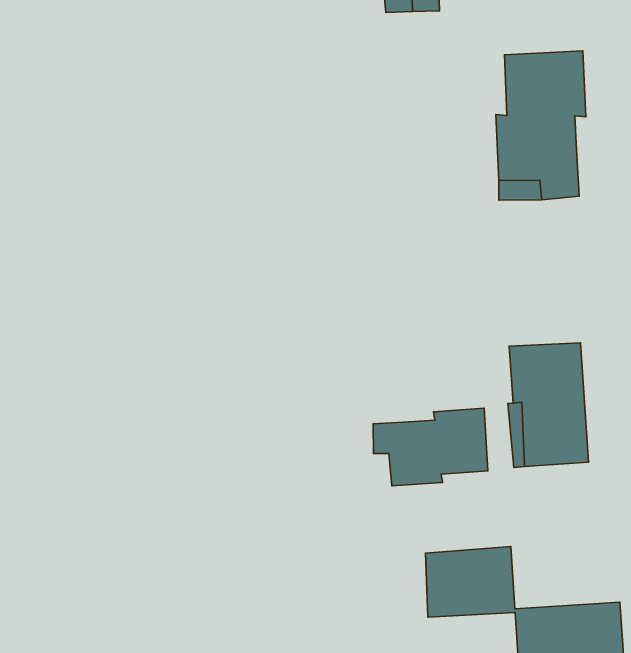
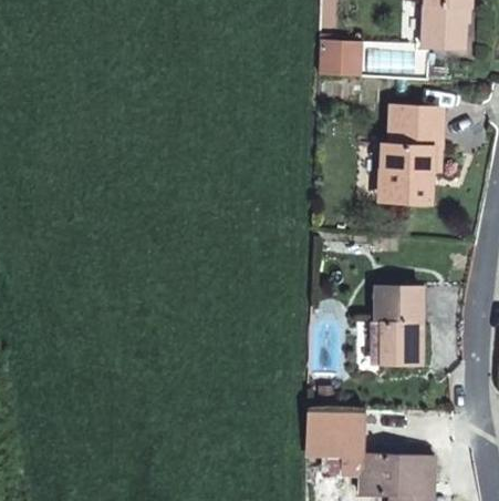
building: [373,408,488,486] -> none

